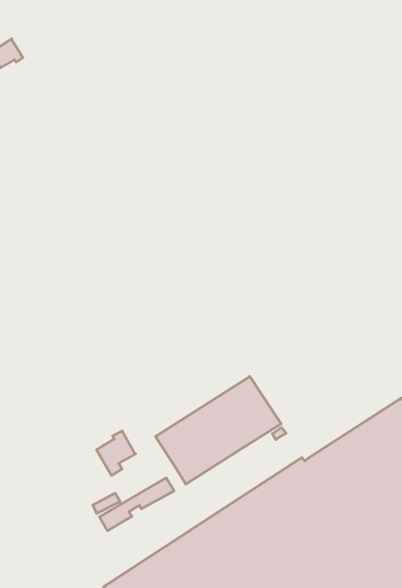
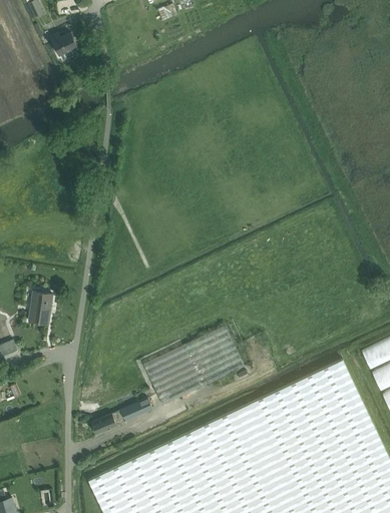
building: none -> [28,294,52,327]
building: [97,431,136,475] -> none

